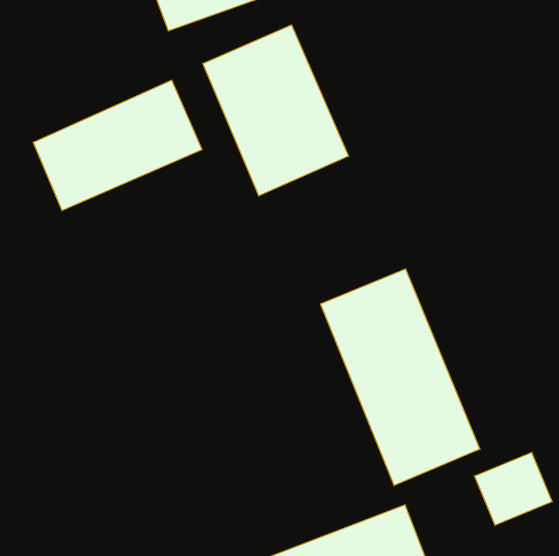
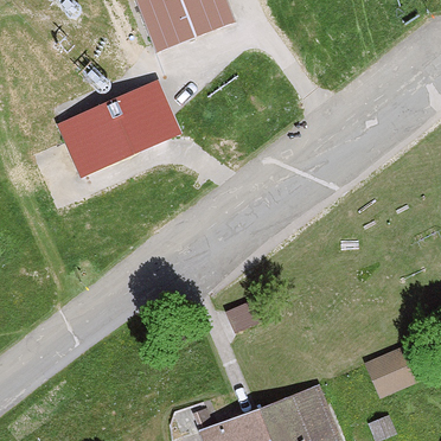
building: [203,25,349,196] -> none
building: [321,269,480,486] -> none

